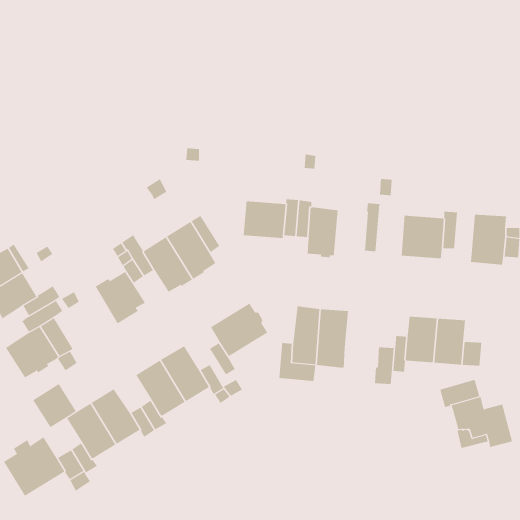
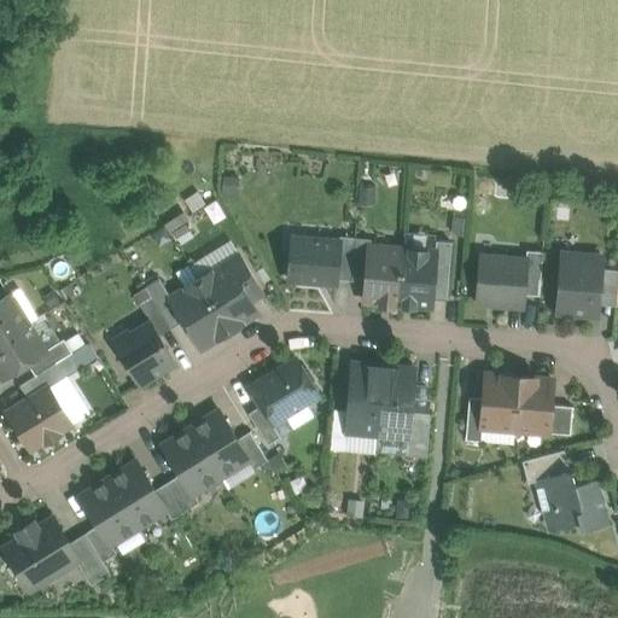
building: none -> [396,250,435,309]
building: [374,347,394,384] -> [404,413,428,457]
building: [33,383,76,428] -> none

